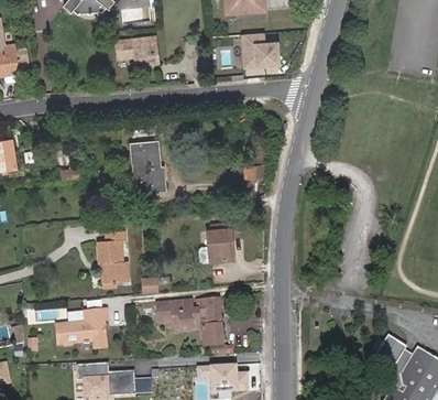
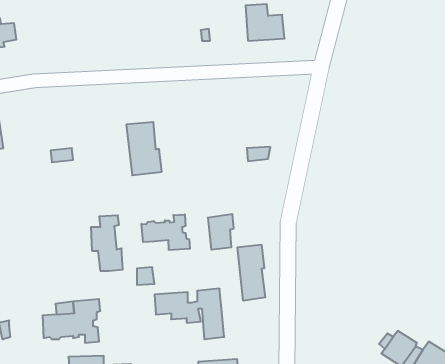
building: [116,36,158,65] -> none
building: none -> [141,214,190,250]
building: none -> [237,245,265,301]

